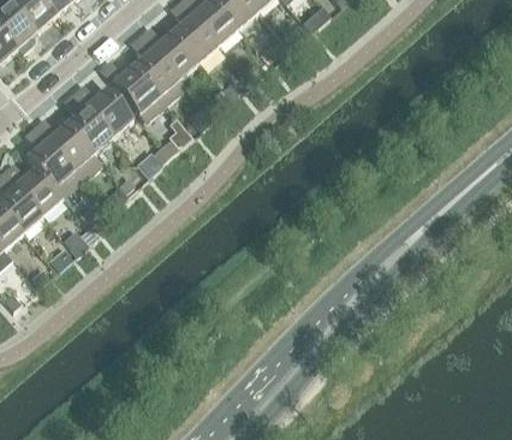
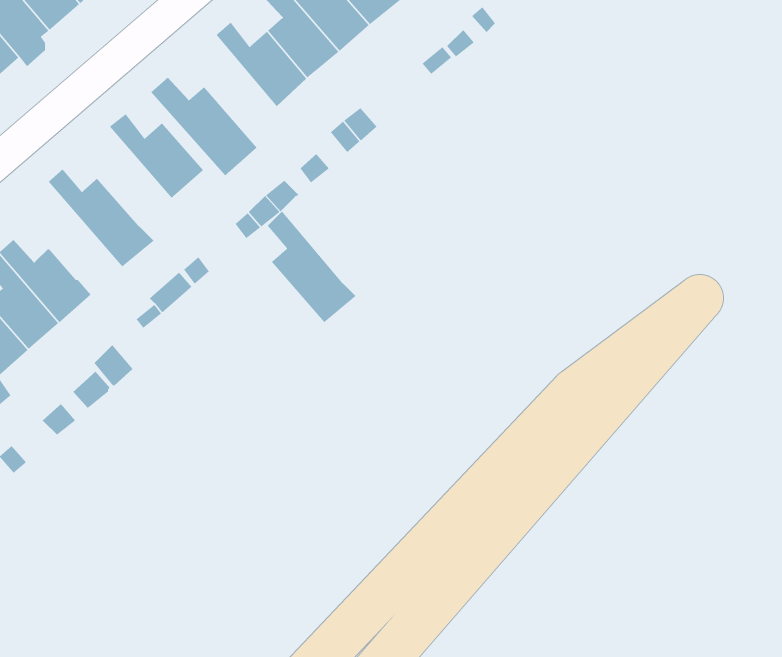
building: [131,34,187,105] -> [267,210,357,323]
building: [64,91,113,154] -> none
building: [24,126,82,197] -> none

